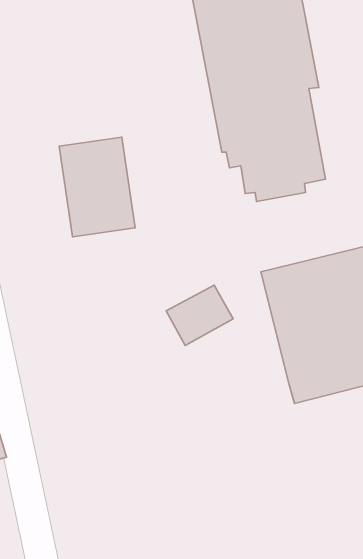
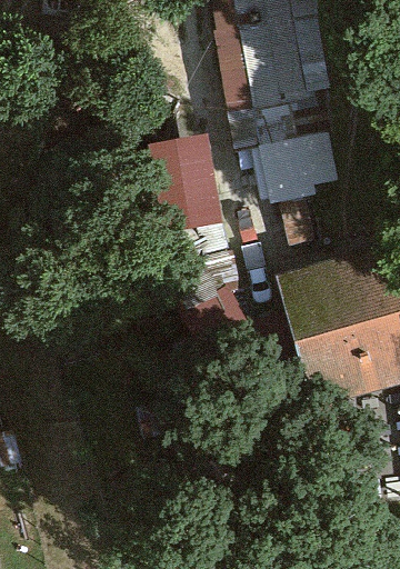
building: [59,137,135,237] -> [147,132,222,231]

